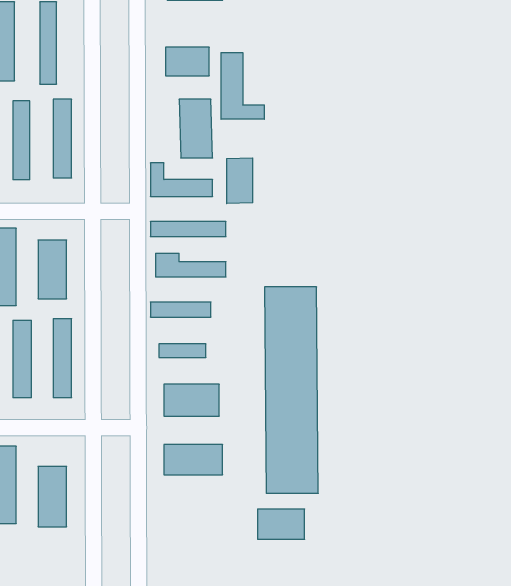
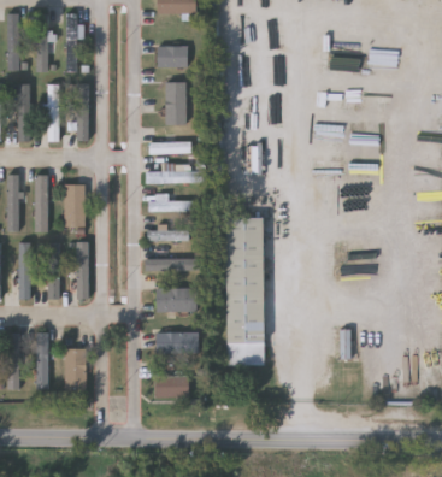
building: [221,53,264,119] -> none
building: [227,158,253,204] -> none
building: [258,509,305,539] -> [153,375,187,396]

